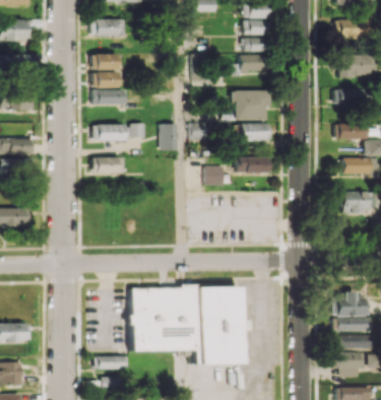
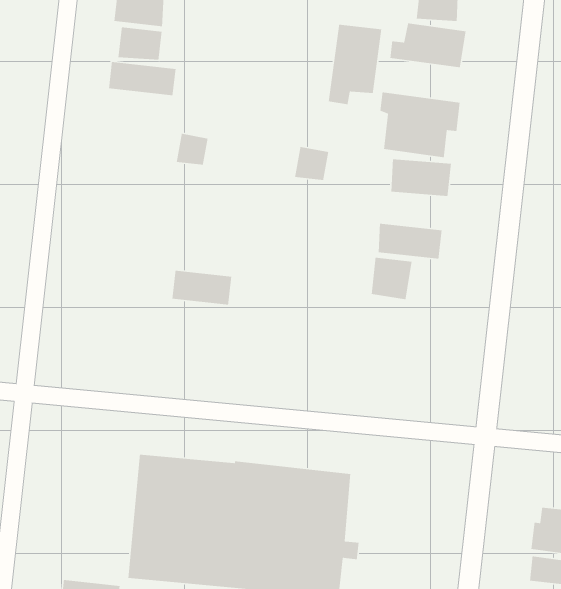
building: none -> [328,24,382,105]
building: [91,124,123,140] -> none
building: [160,124,177,150] -> none
building: [91,157,121,173] -> [171,270,232,306]
building: [205,165,225,186] -> [371,257,412,300]

